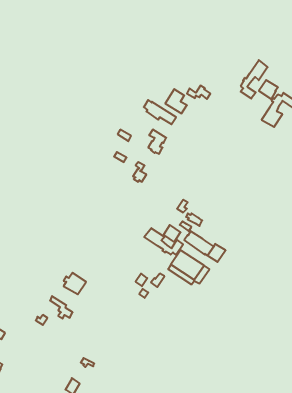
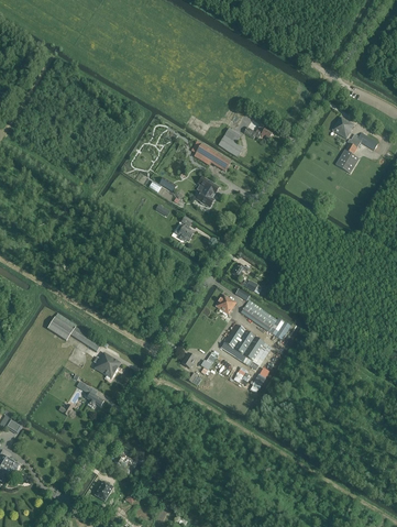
building: [241,60,268,99] -> none
building: [144,228,183,255] -> none
building: none -> [46,314,101,352]

